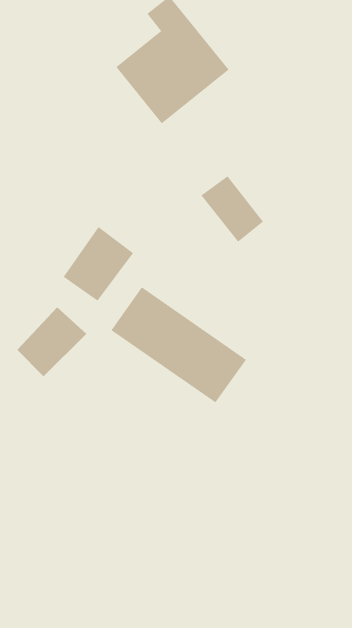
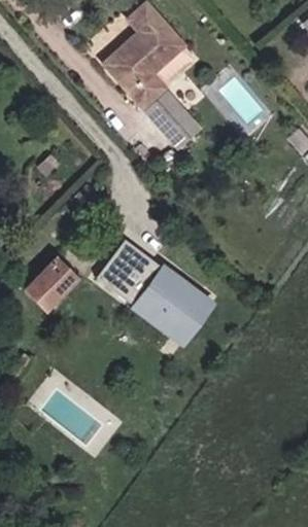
building: [201,176,264,243] -> [142,93,195,148]
building: [63,226,134,301] -> none

